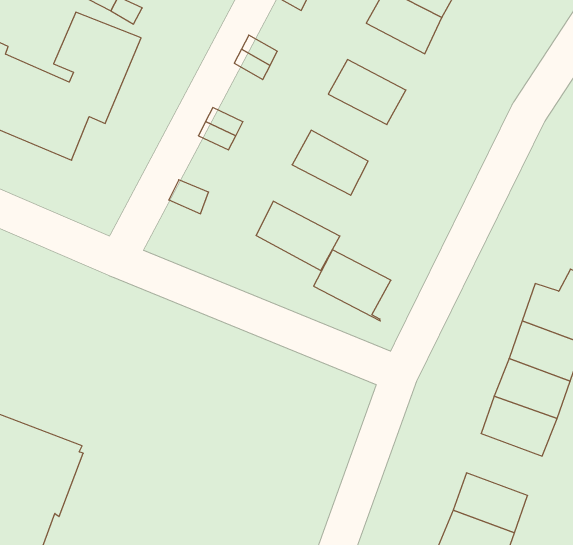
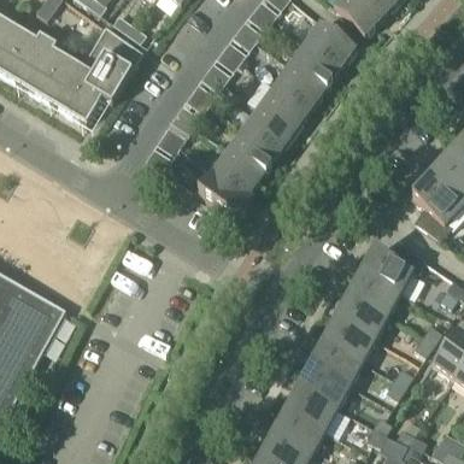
building: none -> [274,63,324,110]
building: none -> [243,105,293,152]
building: [314,250,391,321] -> [212,147,263,198]
building: none -> [311,339,362,383]

